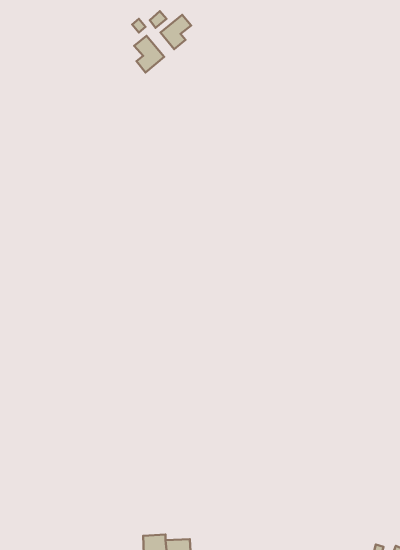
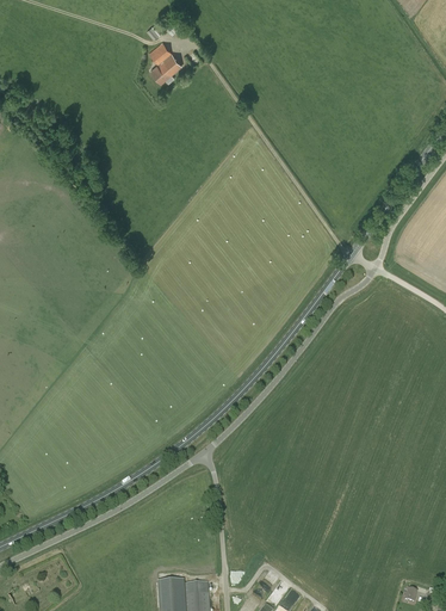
building: [160,15,191,49] -> none

